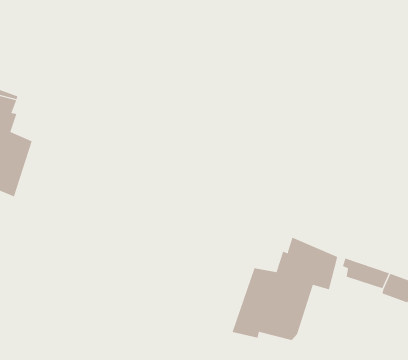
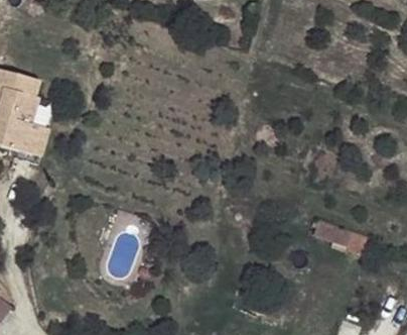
building: [232,237,338,341] -> none

